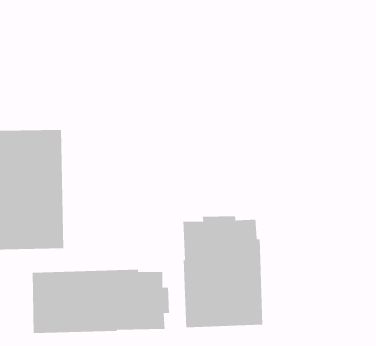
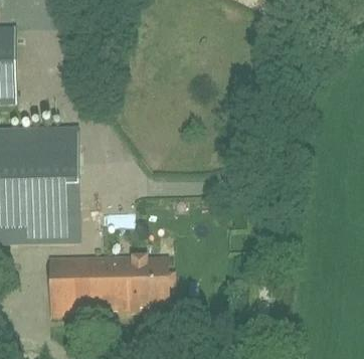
building: [183,215,263,328] -> none

